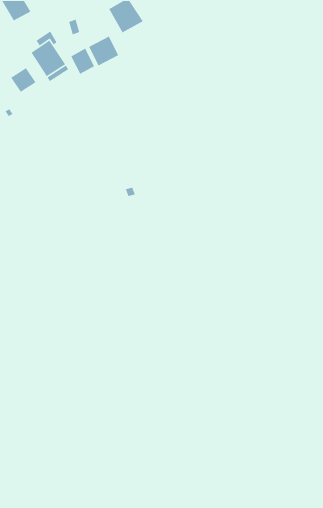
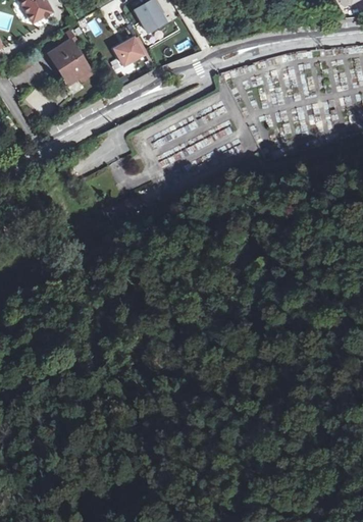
building: [70,48,95,75] -> none
building: [10,67,36,93] -> none

